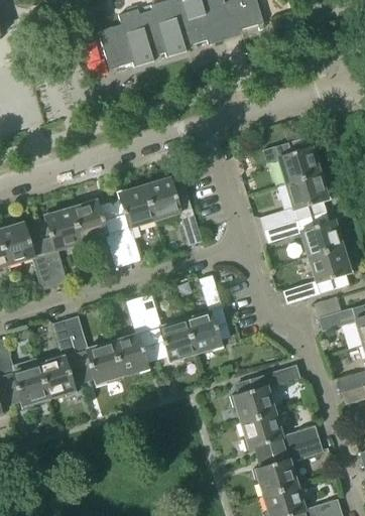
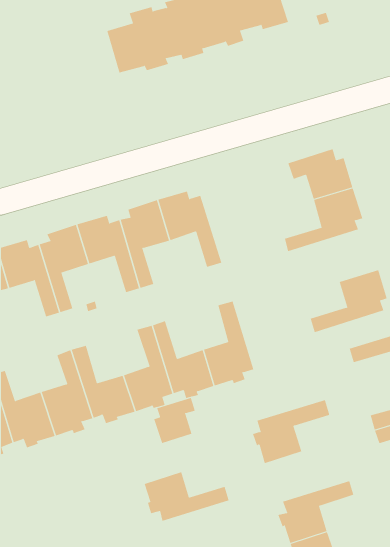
building: [261,211,344,258] -> none
building: none -> [154,397,195,444]
building: [240,412,318,458] -> [144,472,230,522]

